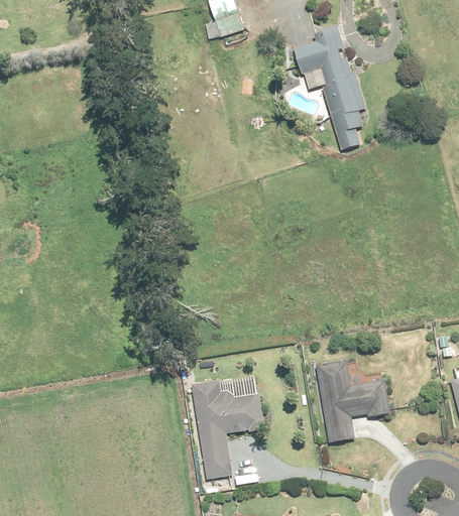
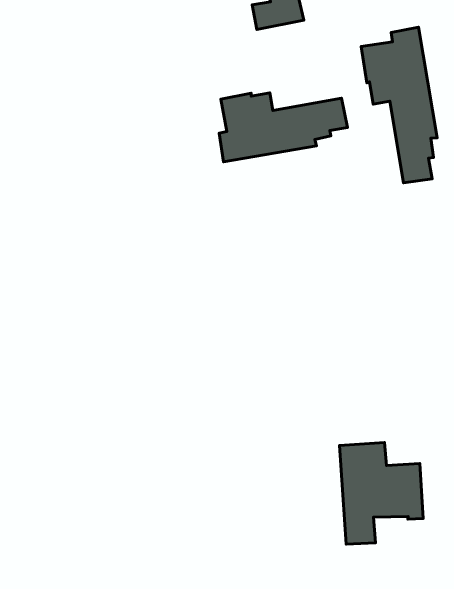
building: none -> [219,93,347,162]
building: [193,375,263,478] -> none

